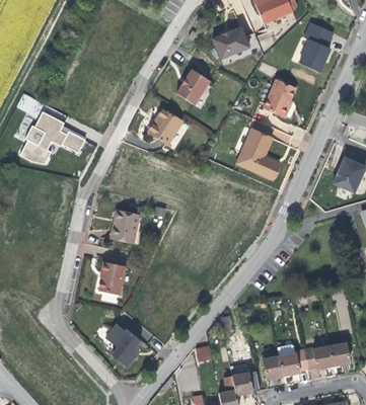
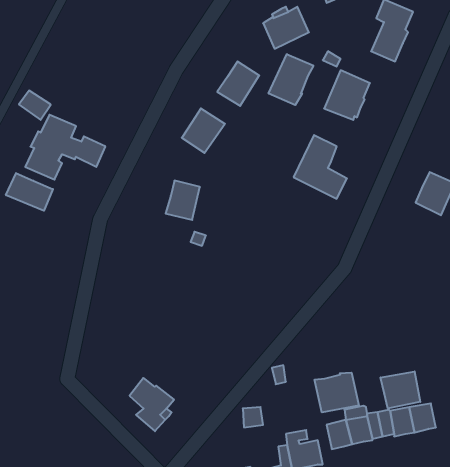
building: none -> [269,54,313,105]
building: none -> [6,173,53,211]
building: [111,212,138,243] -> [166,181,200,220]
building: [98,260,125,293] -> none
building: none -> [381,371,420,408]
building: none -> [315,373,359,412]

